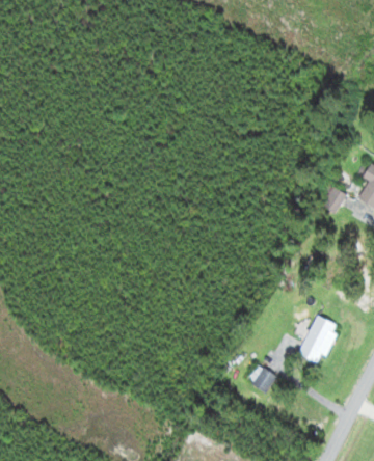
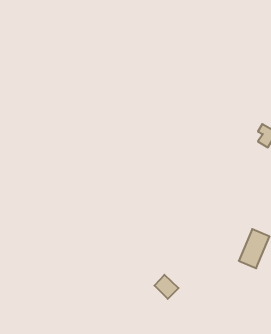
building: [247,362,277,392] -> [154,275,179,299]

